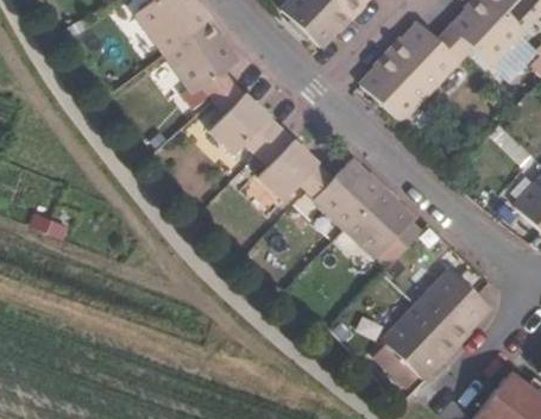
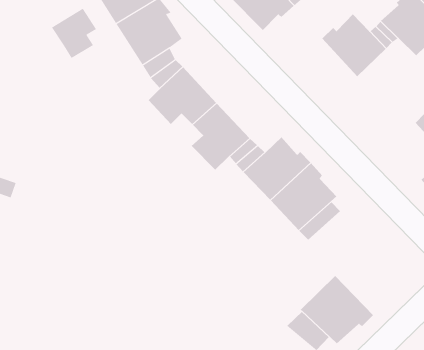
building: none -> [51,8,97,59]
building: [359,51,427,121] -> none
building: [415,268,489,344] -> none

